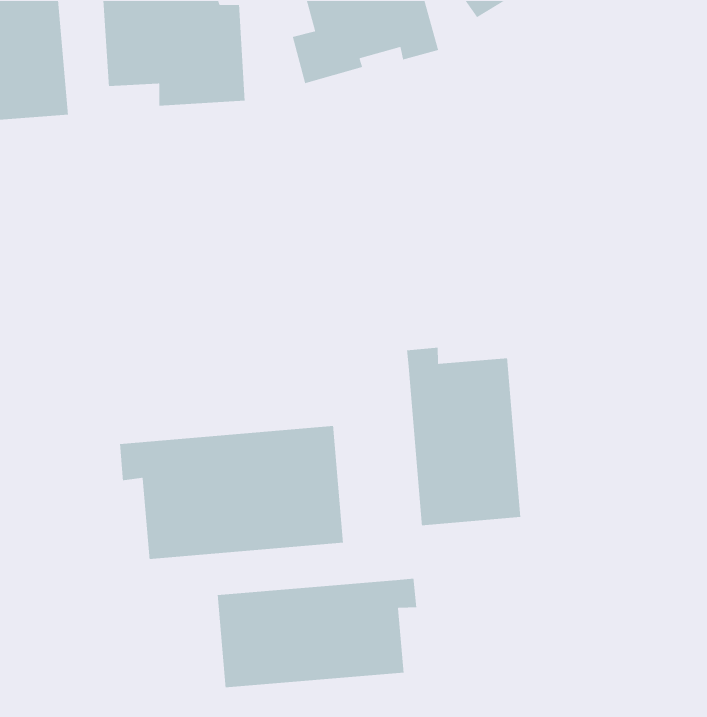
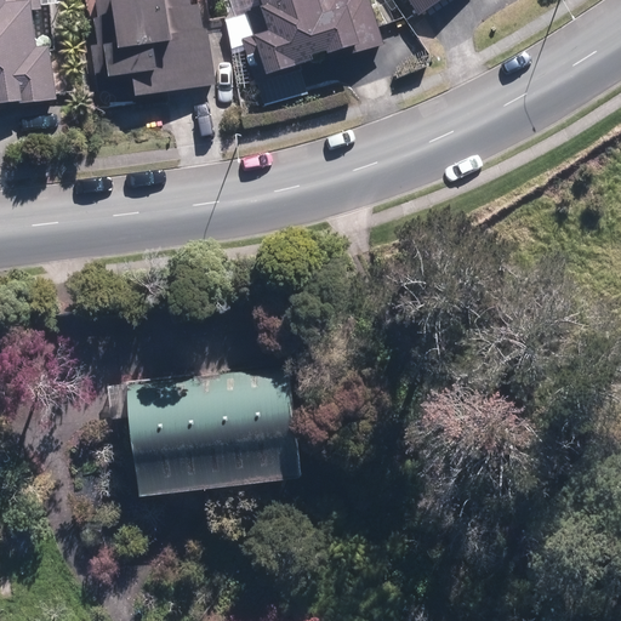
building: [406,347,521,526] -> none
building: [217,578,417,688] -> none

